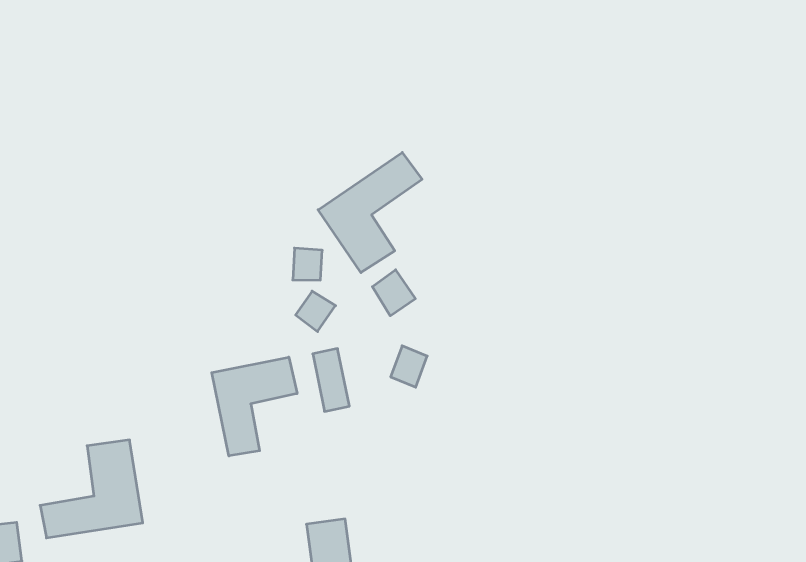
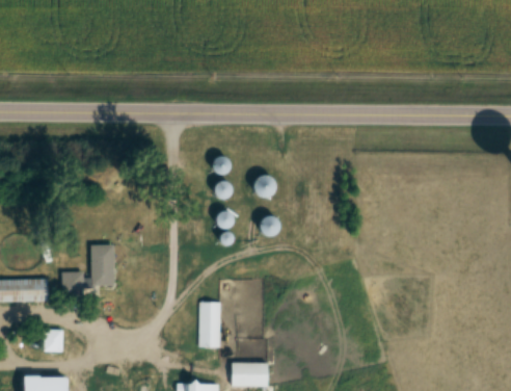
building: [318,152,422,273] -> none
building: [212,357,297,456] -> none

